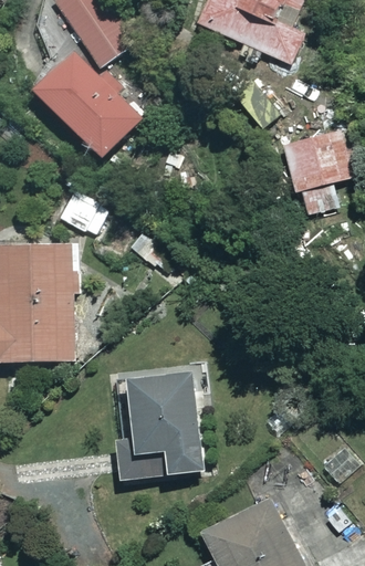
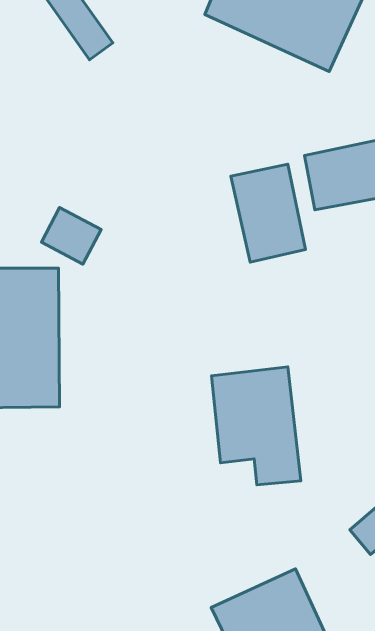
building: [35,51,142,158] -> none
building: none -> [231,164,306,262]
building: [127,370,204,471] -> [211,367,301,485]

